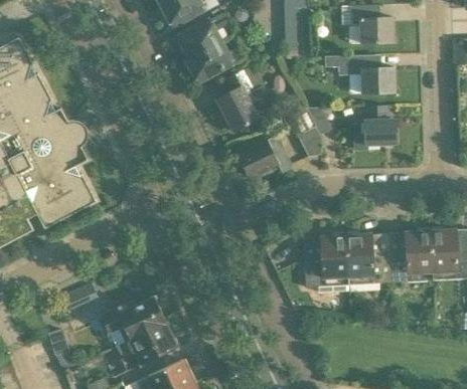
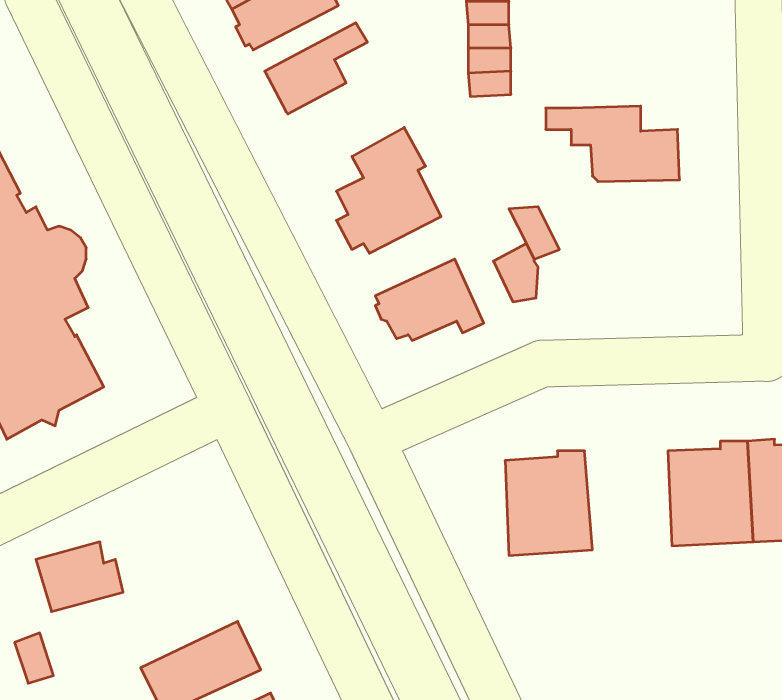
building: [350,5,394,43] -> none
building: [186,43,245,82] -> none
building: [352,106,396,151] -> none
building: [345,233,391,285] -> none
building: [102,298,167,347] -> none

